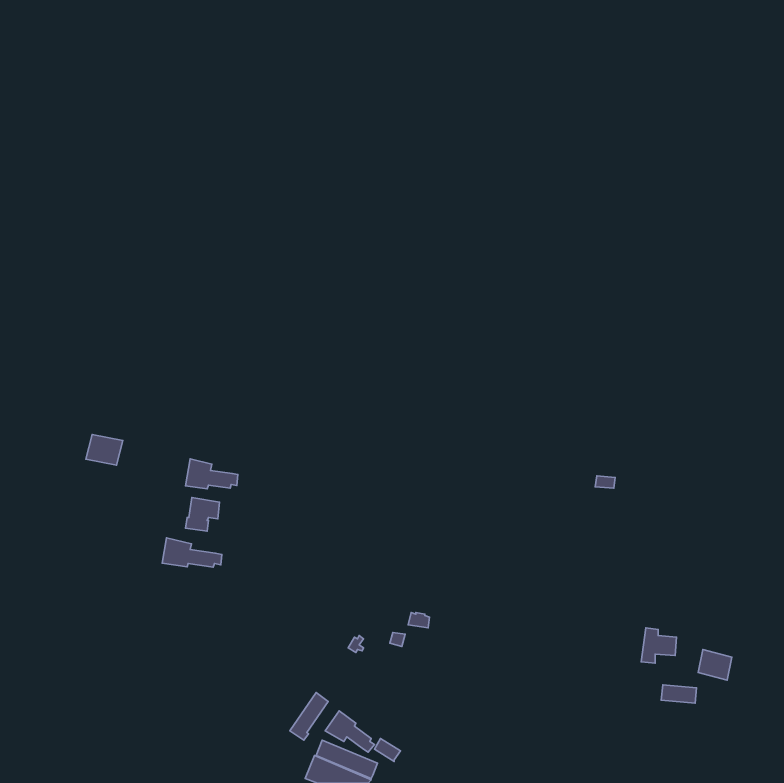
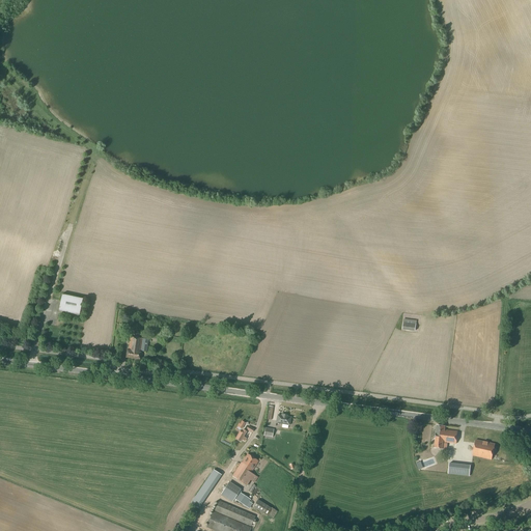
building: [186,459,238,489] -> none
building: [162,538,222,567] -> none
building: none -> [232,453,258,485]

